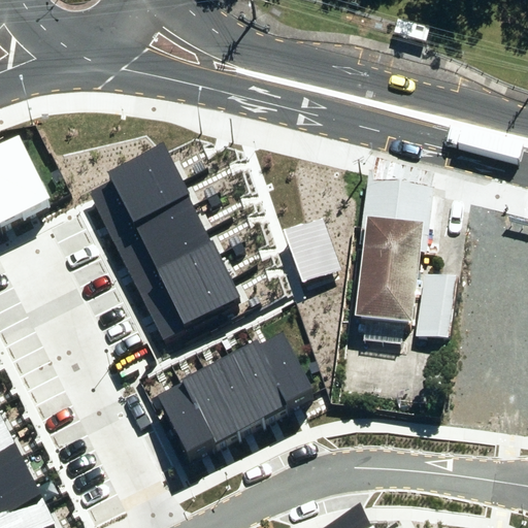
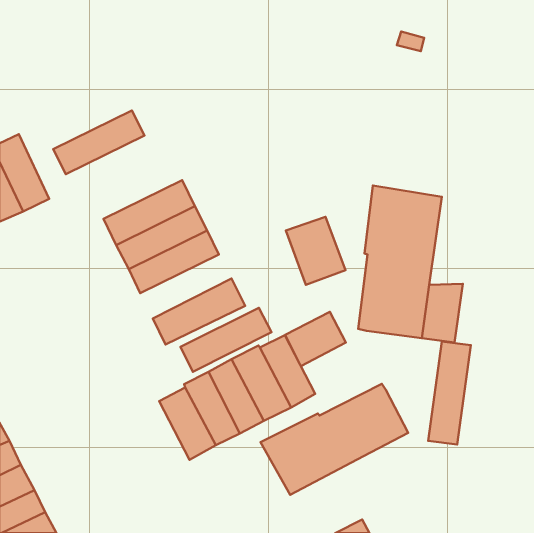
building: [90,153,179,216] -> [53,110,144,174]
building: [138,251,228,314] -> [180,308,271,372]
building: none -> [285,312,346,366]
building: none -> [428,342,471,444]
building: none -> [261,384,408,495]

